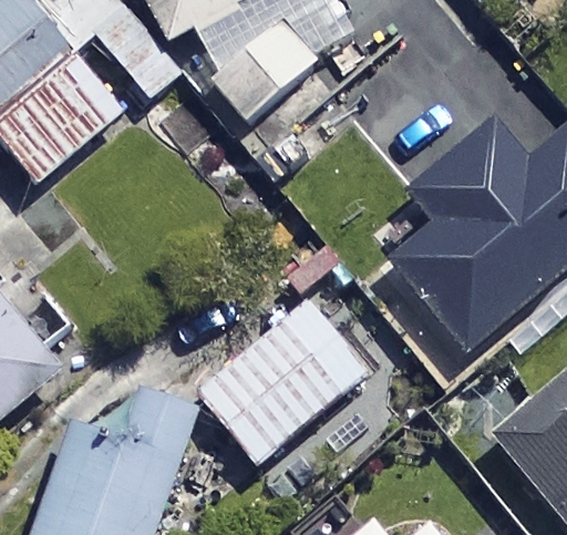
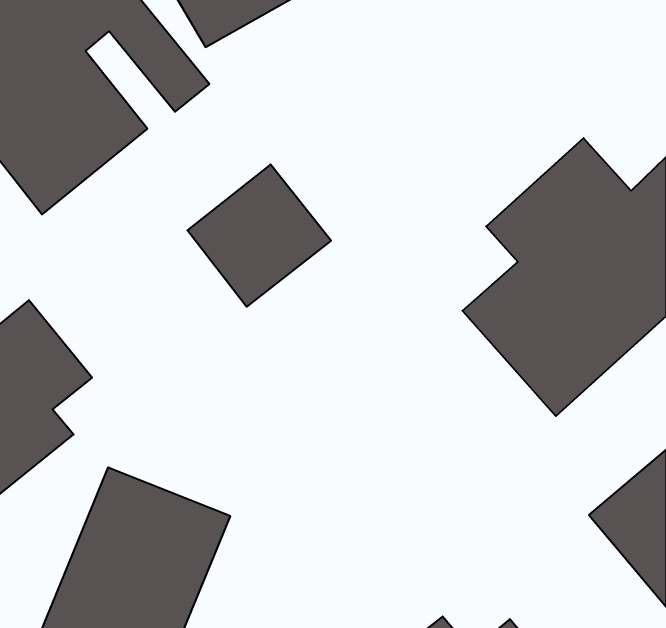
building: [213,21,333,141] -> [187,164,331,307]
building: [196,297,368,462] -> none

